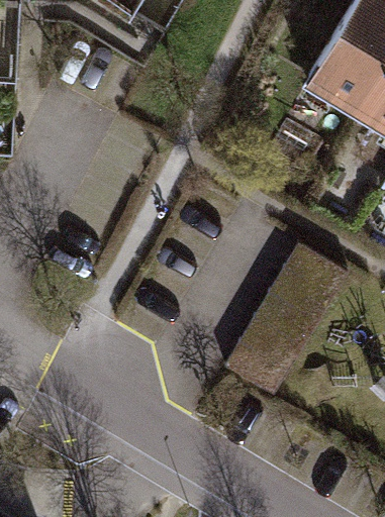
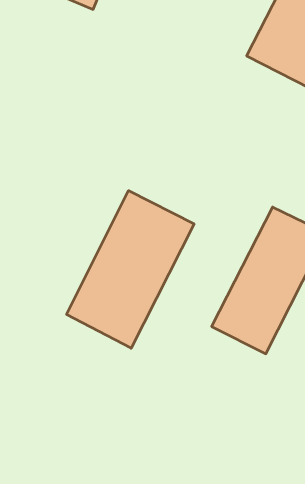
building: none -> [67,191,194,348]

